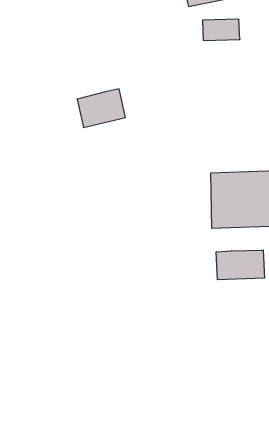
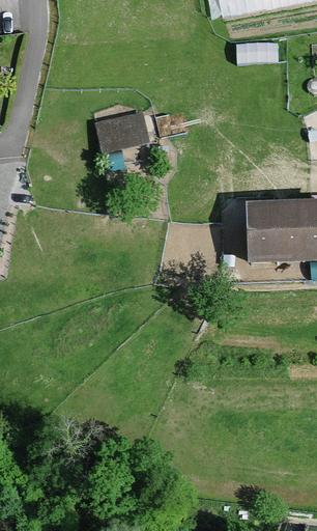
building: [216,250,265,280] -> none

